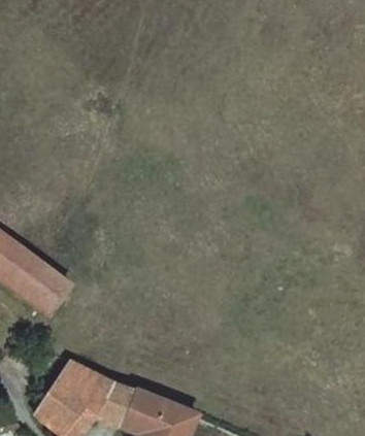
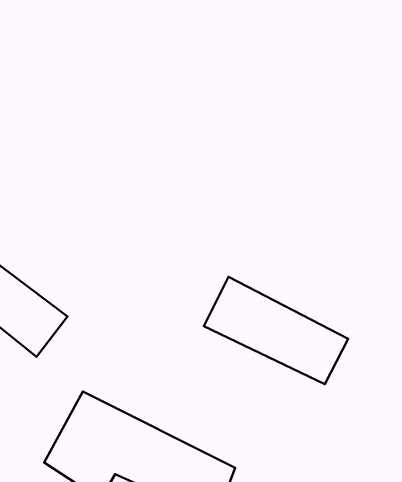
building: none -> [204,277,348,384]

